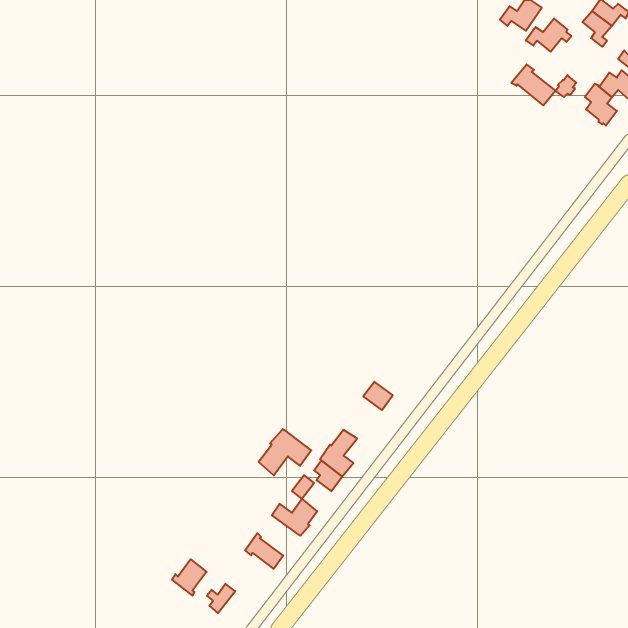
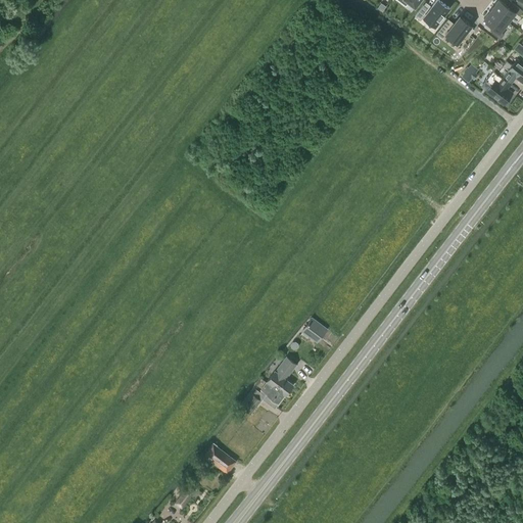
building: [511,64,556,105] -> none
building: [259,429,311,475] -> none
building: [272,499,317,536] -> none
building: [172,559,207,596] -> none

